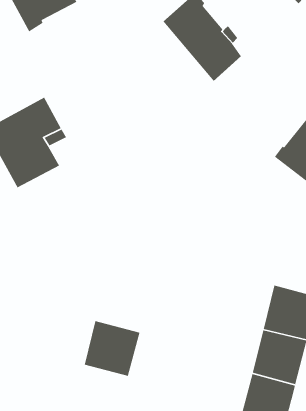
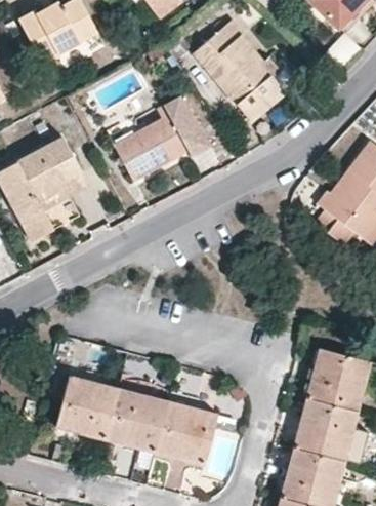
building: none -> [114,114,205,180]
building: none -> [56,377,118,438]
building: none -> [156,401,218,464]

